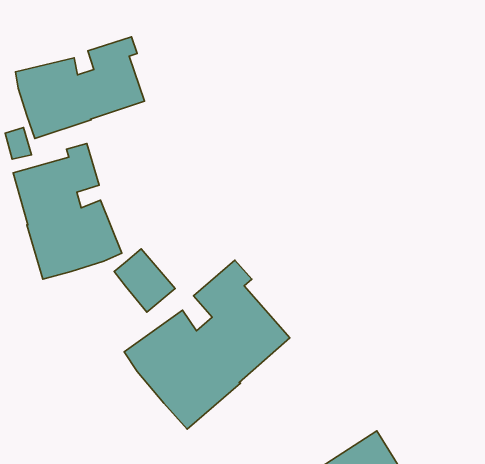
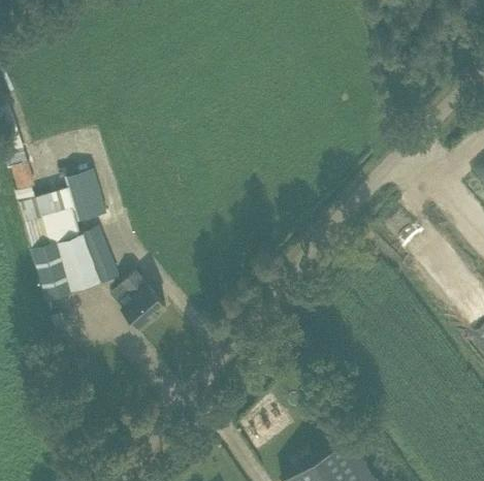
building: [16,37,145,138] -> none
building: [124,260,290,429] -> none

